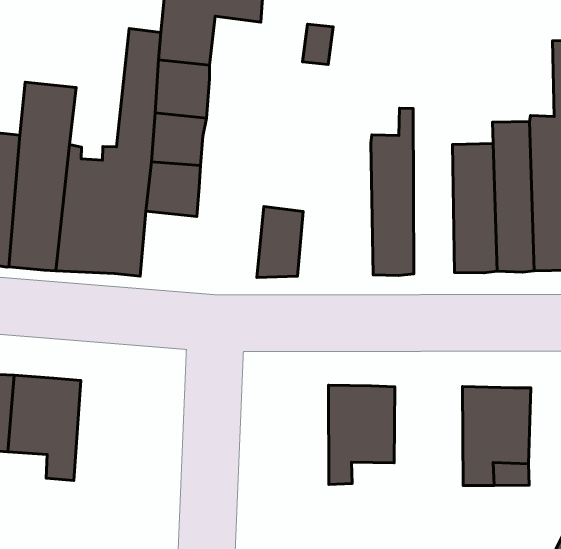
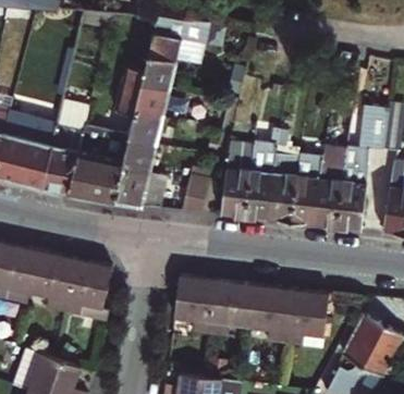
building: none -> [270,130,301,224]
building: none -> [223,144,255,220]
building: none -> [117,169,169,211]
building: none -> [65,259,113,321]
building: none -> [172,273,215,334]
building: none -> [246,284,290,344]

